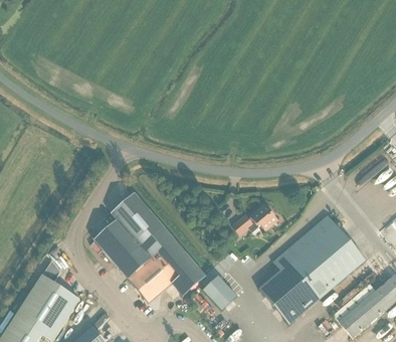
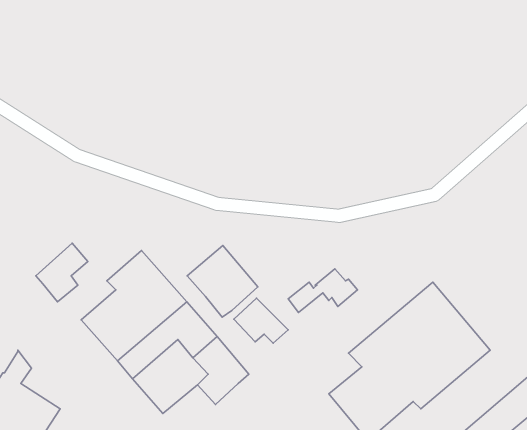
building: none -> [36,243,88,302]
building: none -> [187,245,258,317]
building: [203,275,239,305] -> [234,298,288,343]

